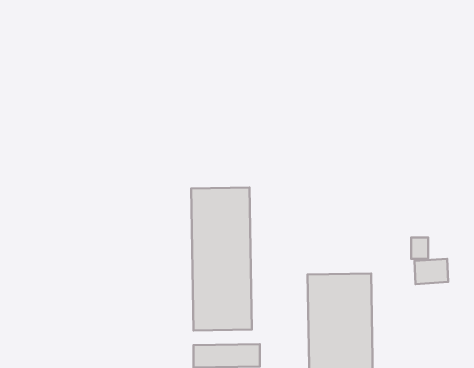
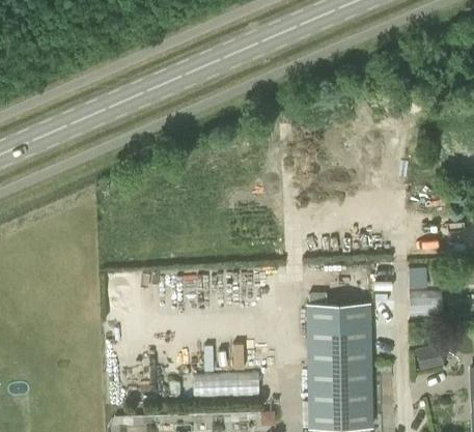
building: [191,188,252,330] -> none
building: none -> [417,344,446,370]

